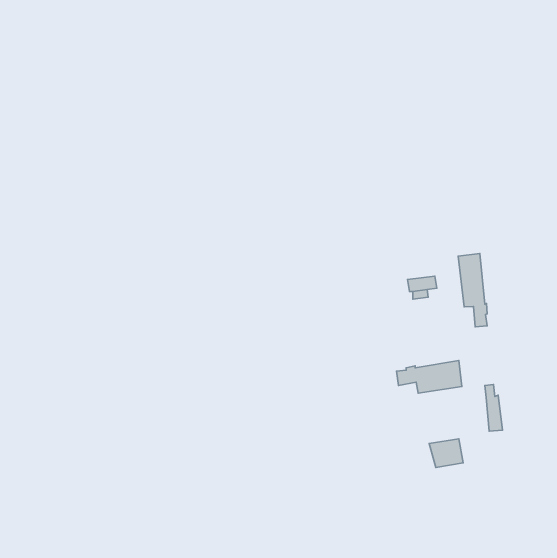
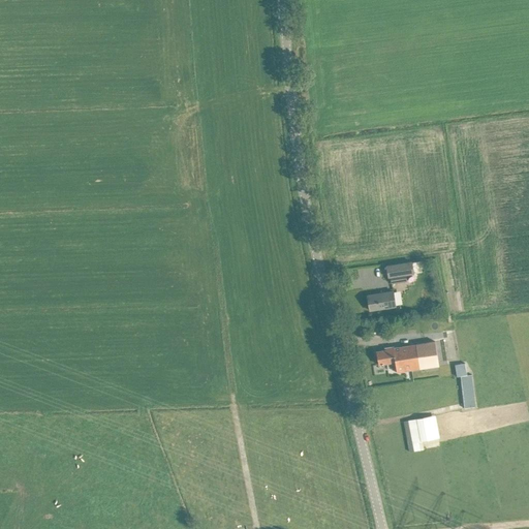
building: [458,253,487,327] -> none
building: none -> [367,291,395,310]

